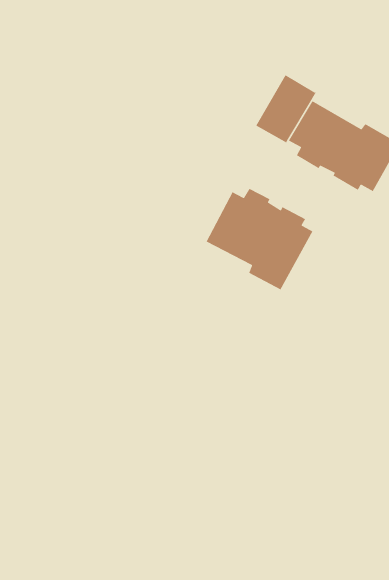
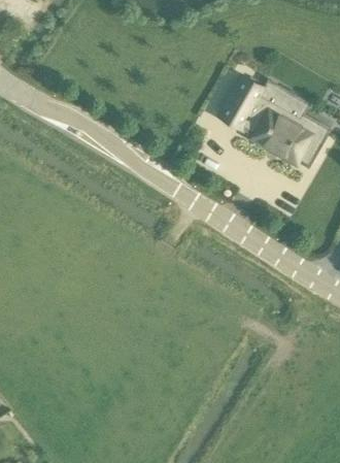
building: [206,188,314,290] -> none

